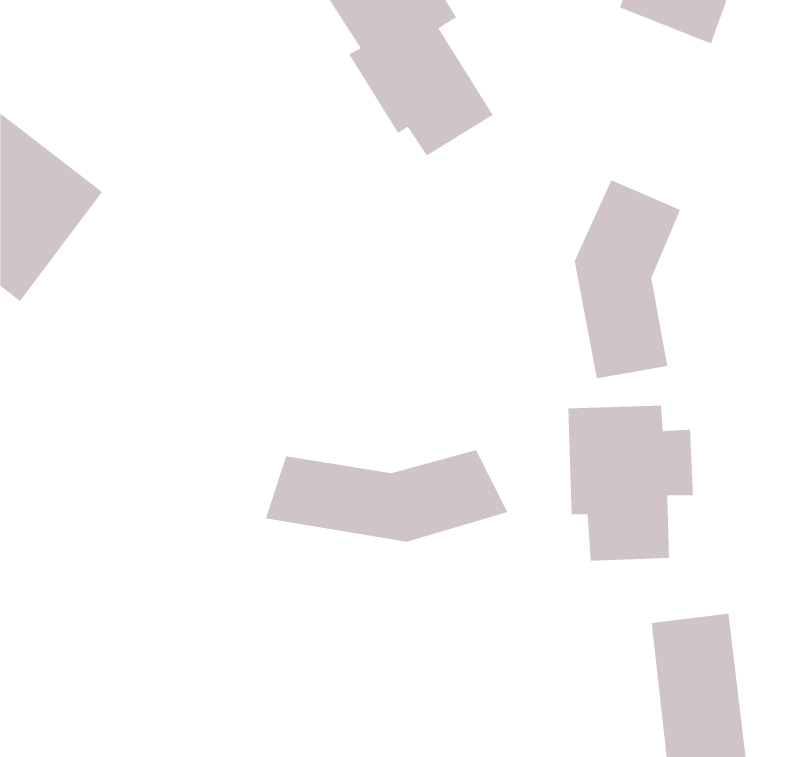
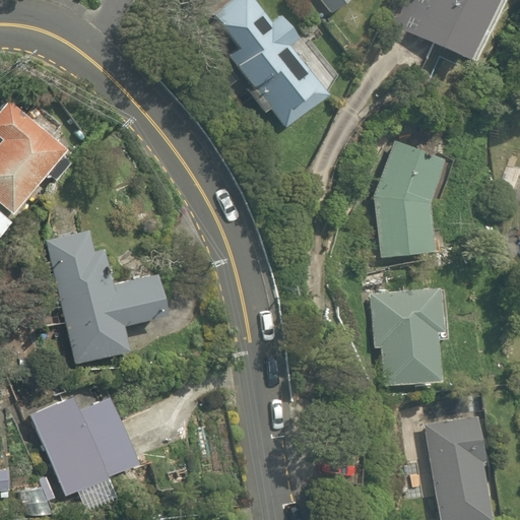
building: none -> [47,232,161,364]
building: [265,449,509,542] -> none
building: none -> [30,394,136,495]

